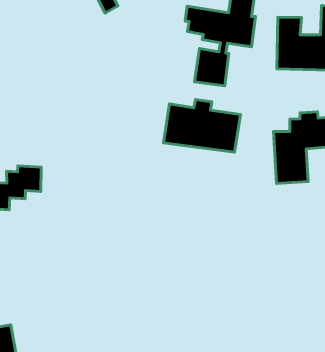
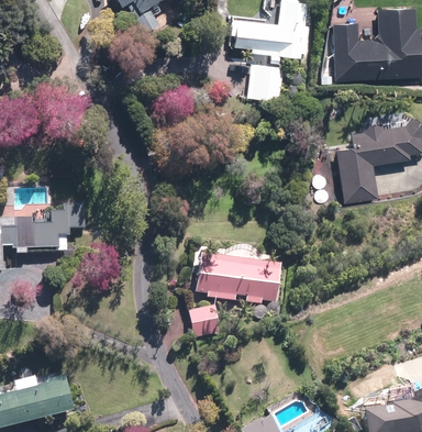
building: [164,99,241,152] -> none
building: none -> [196,257,280,303]
building: none -> [189,306,220,337]

